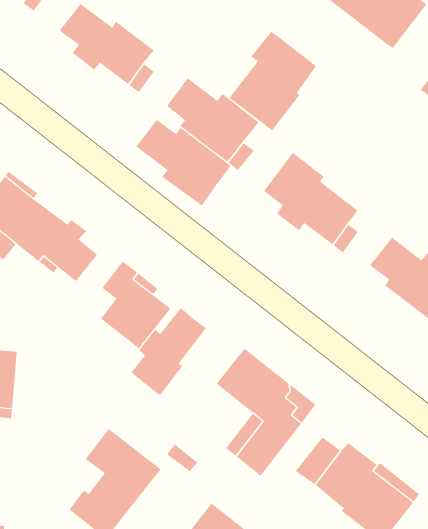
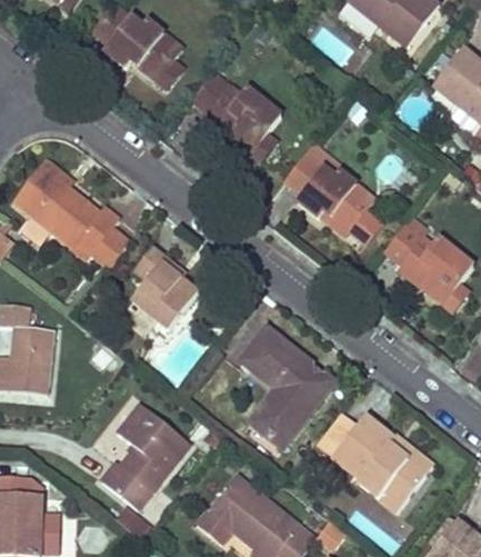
building: [228,31,317,131] -> none
building: [136,119,231,207] -> none
building: [130,307,207,396] -> none

